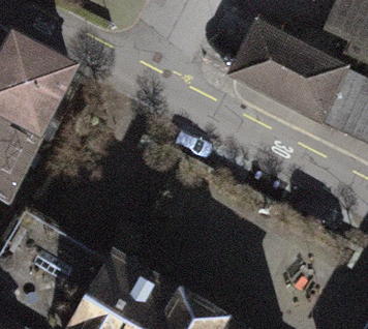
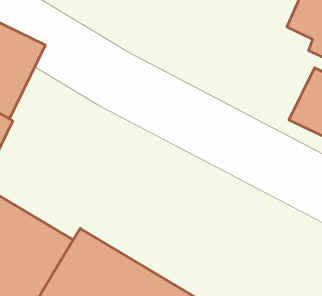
building: [229,30,354,137] -> none

